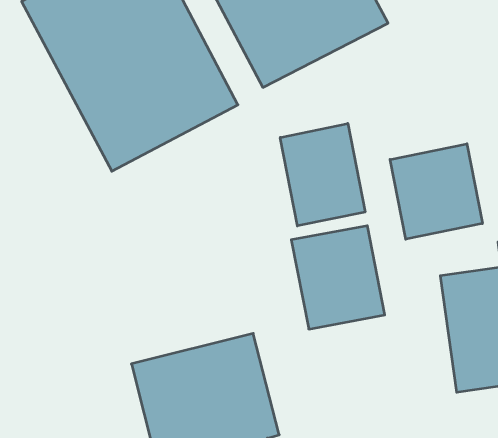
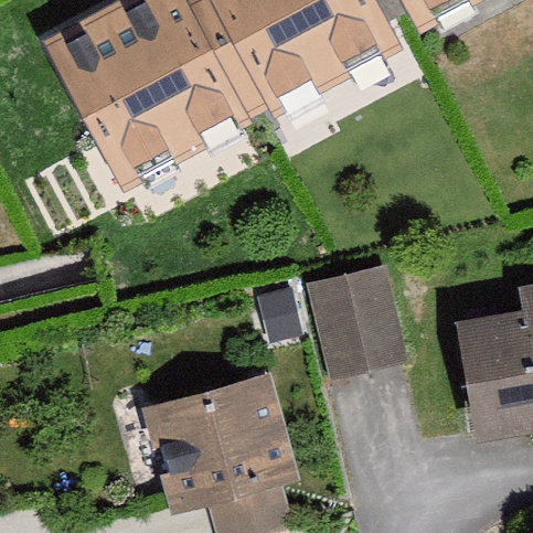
building: [280,123,365,226] -> none
building: [390,144,482,239] -> none

